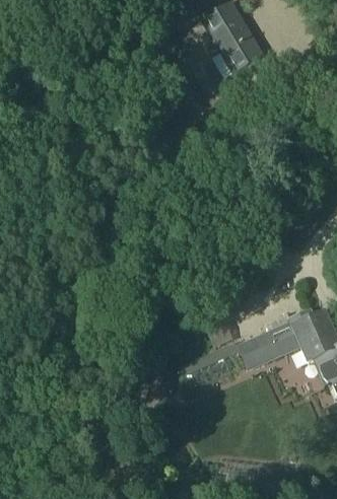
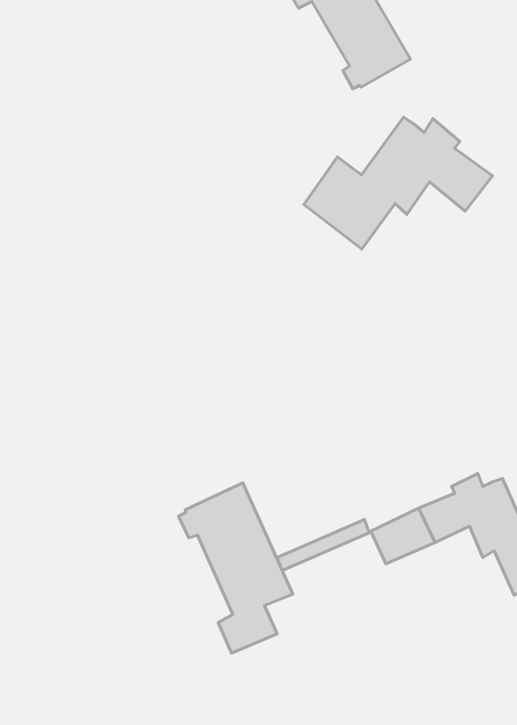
building: none -> [304,117,492,249]
building: none -> [178,483,293,653]

